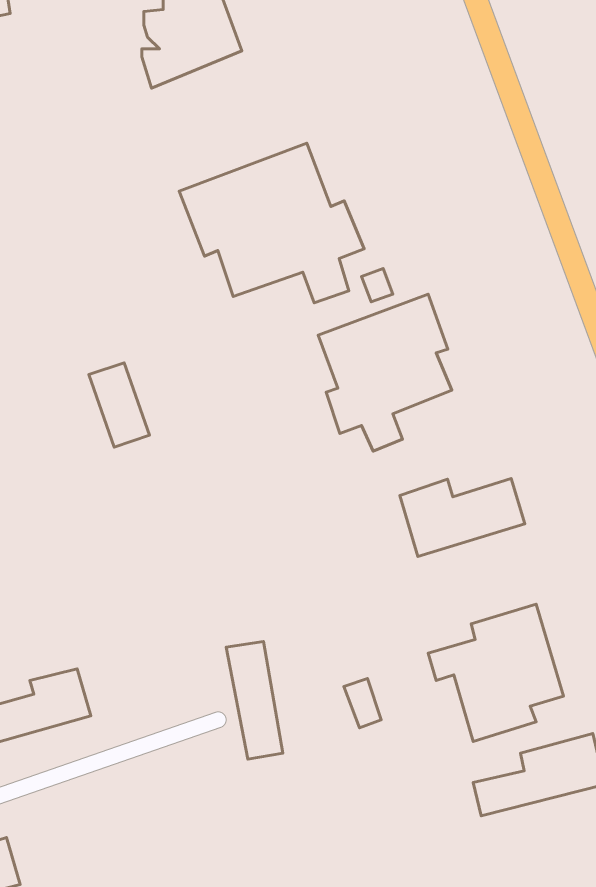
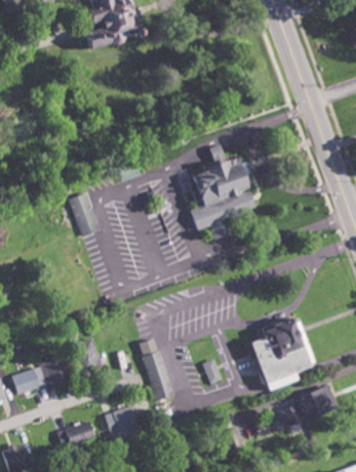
building: [179,143,364,303] -> none
building: [400,479,525,556] -> none
building: none -> [105,406,139,438]
building: none -> [56,420,96,450]

